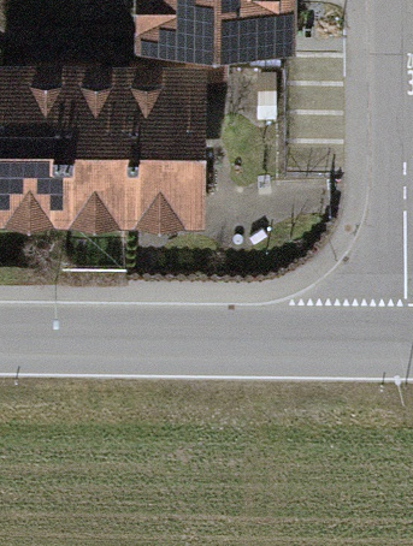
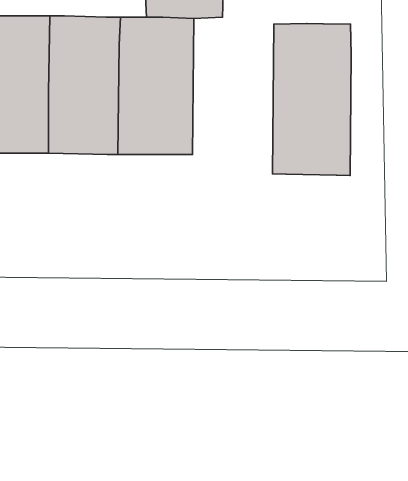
building: none -> [272,23,351,175]

